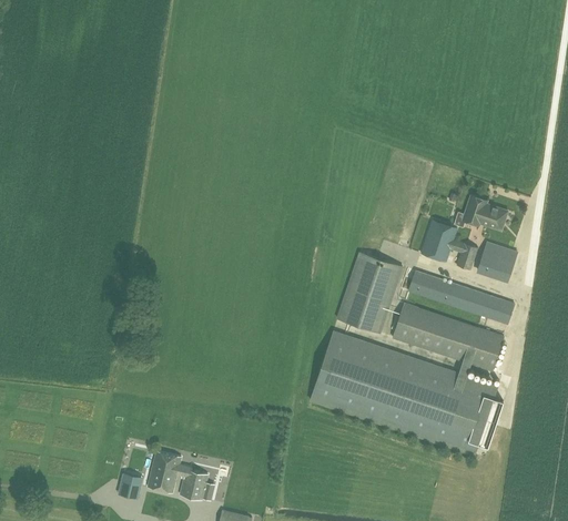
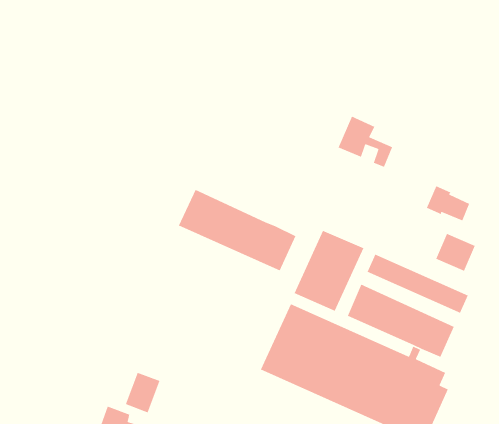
building: [419,219,476,269] -> [337,115,393,168]
building: none -> [178,189,297,272]
building: none -> [125,372,161,413]

